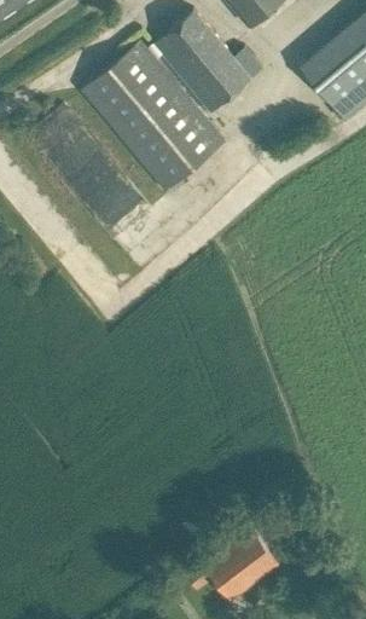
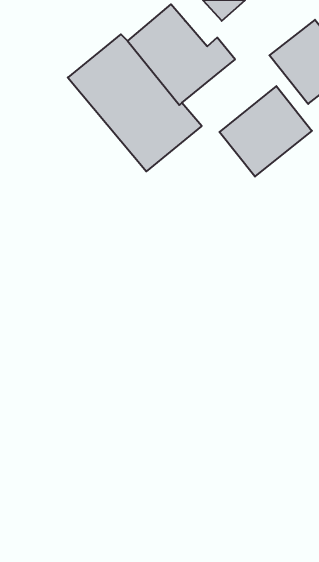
building: none -> [219,86,312,177]
building: [185,528,278,598] -> none

